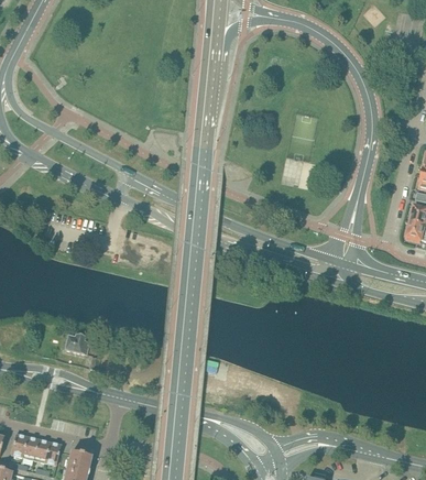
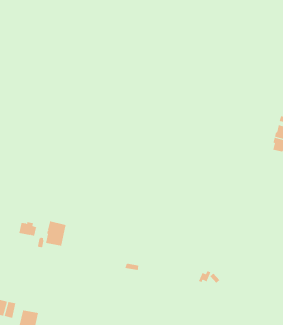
building: none -> [45,220,66,247]

